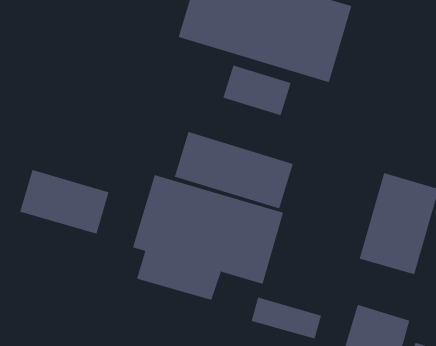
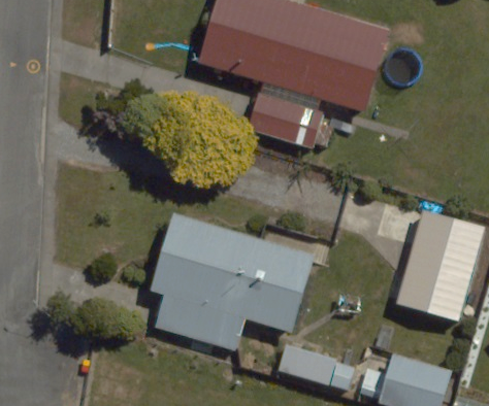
building: [174,131,293,209] -> none
building: [20,169,109,235] -> none

